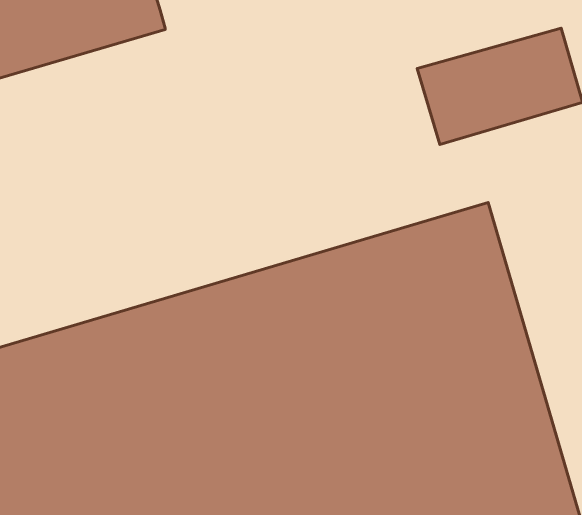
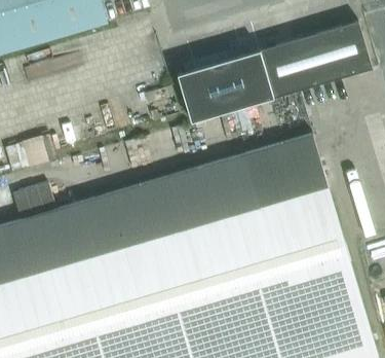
building: none -> [177,48,281,122]

